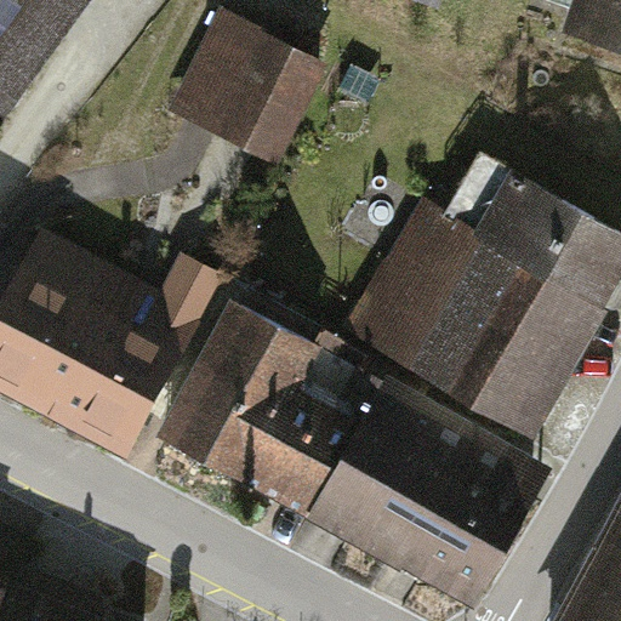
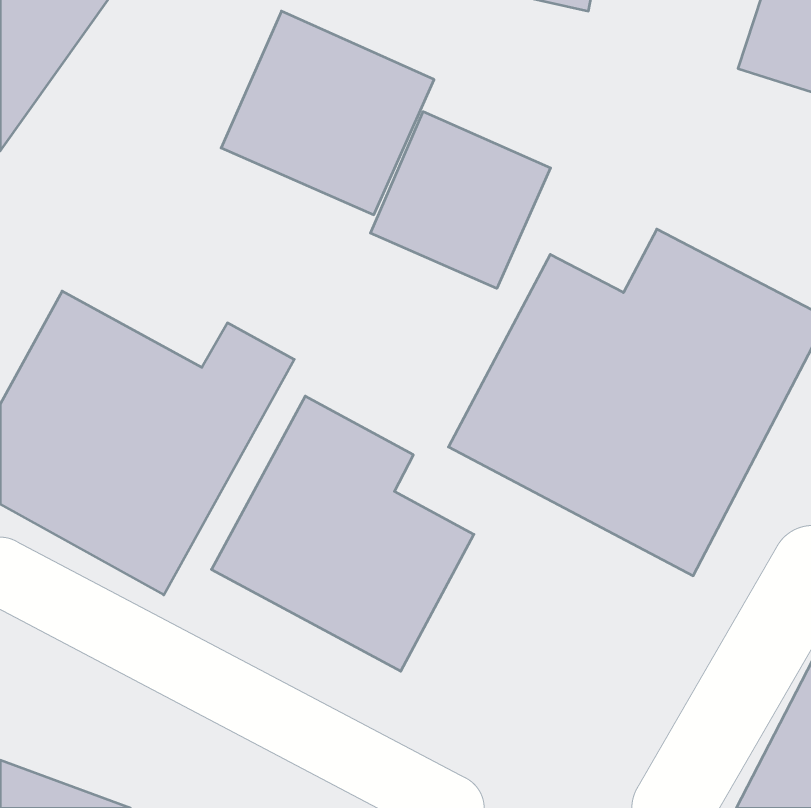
building: none -> [370,112,551,288]
building: [307,382,547,609] -> none

